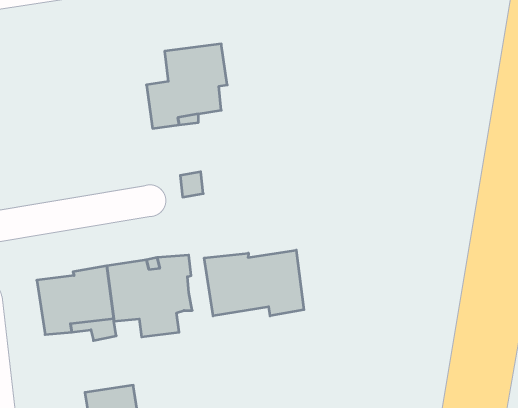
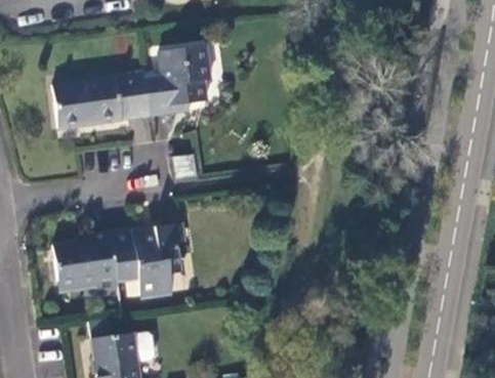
building: none -> [51,74,150,131]
building: [204,250,304,316] -> none

